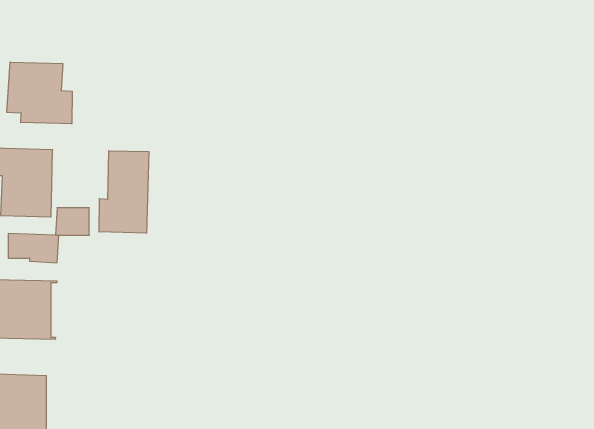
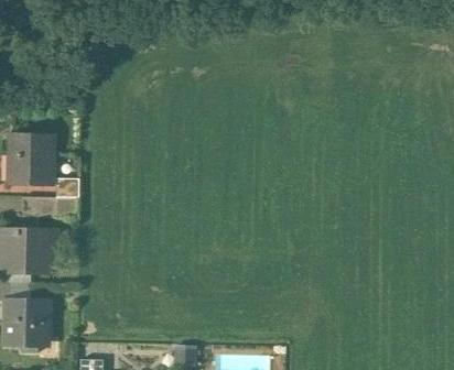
building: [7,62,72,124] -> none
building: [99,151,149,233] -> none

